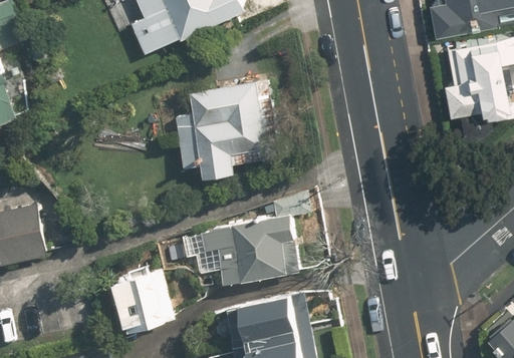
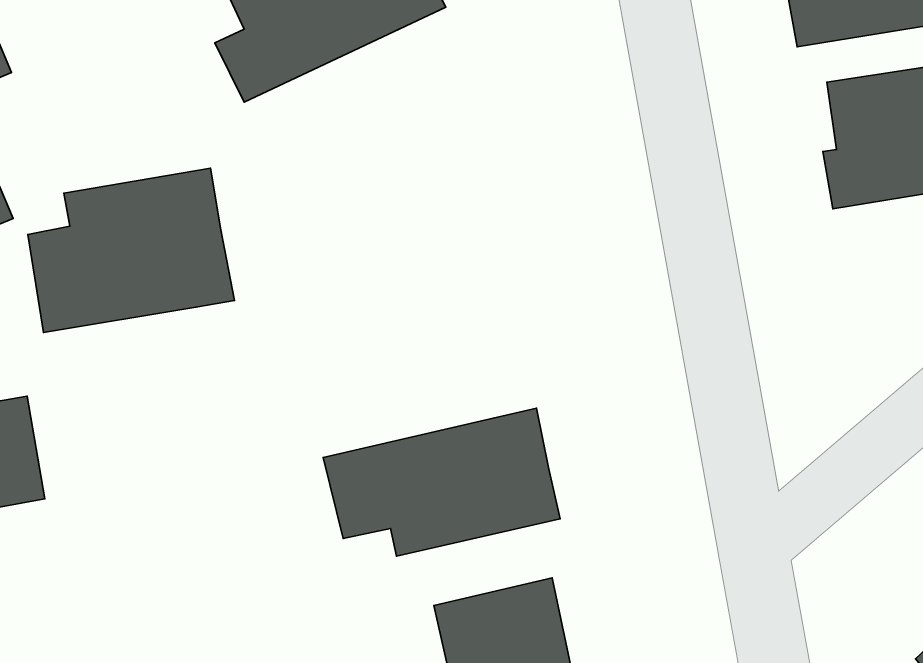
building: [174,57,273,178] -> none
building: none -> [28,168,235,332]
building: [109,264,171,335] -> none

